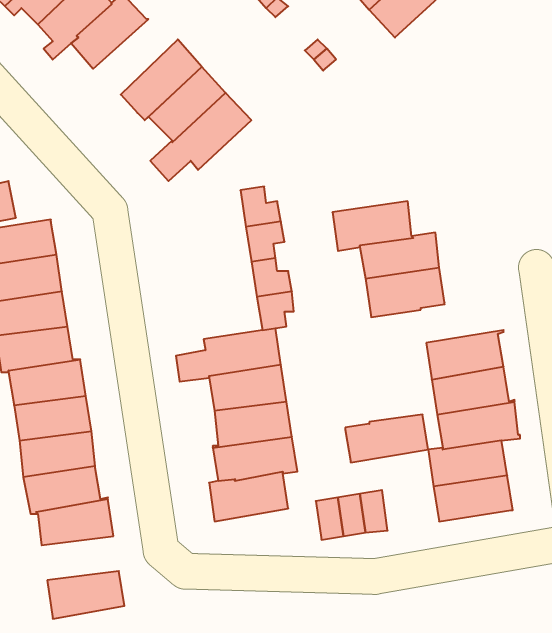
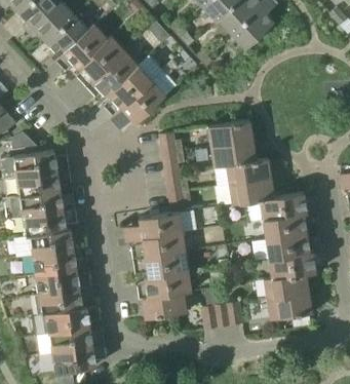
building: none -> [78,36,125,81]
building: none -> [208,120,254,147]
building: [345,415,428,462] -> [261,193,307,220]
building: none -> [49,328,92,352]

